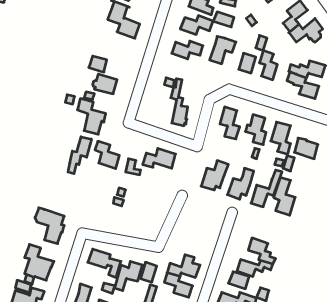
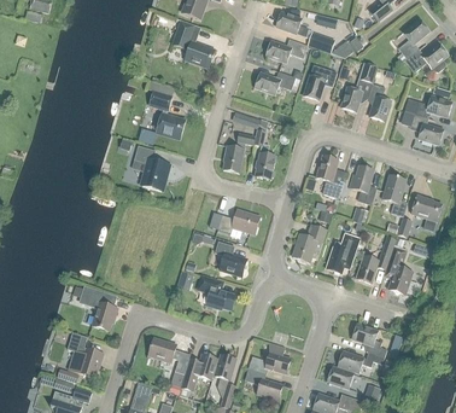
building: none -> [222,134,253,173]
building: [68,137,91,174] -> none
building: [95,141,119,169] -> [215,242,246,277]
building: none -> [197,275,235,310]

